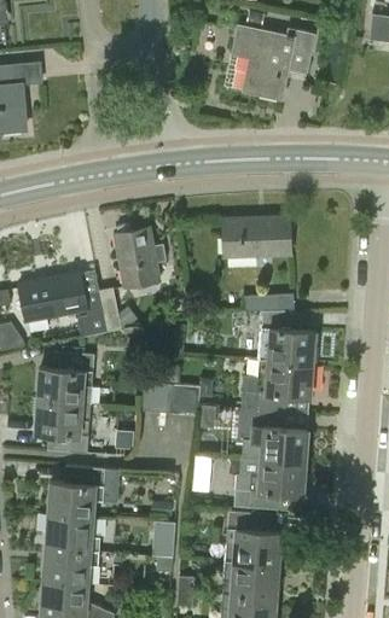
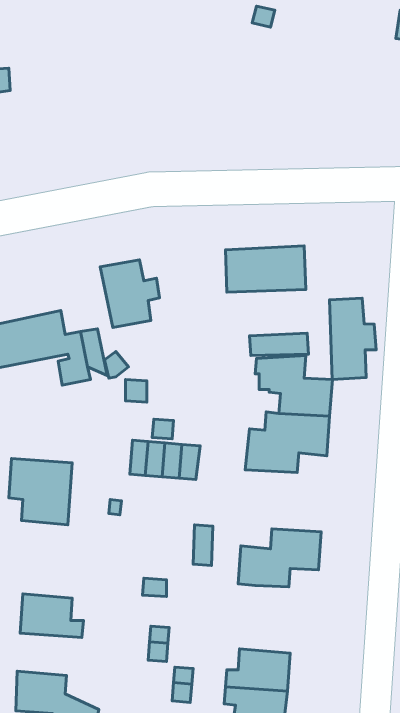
building: [232,28,312,99] -> none
building: none -> [329,298,376,380]
building: [39,351,94,402] -> none
building: [236,408,307,461] -> none
building: [48,465,120,518] -> none
building: [226,511,280,565] -> none
building: [43,548,99,584] -> none

